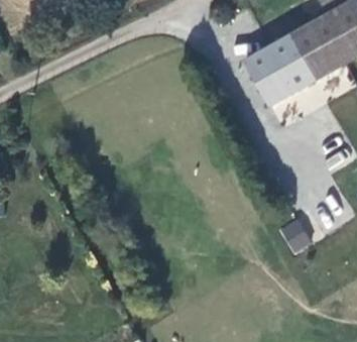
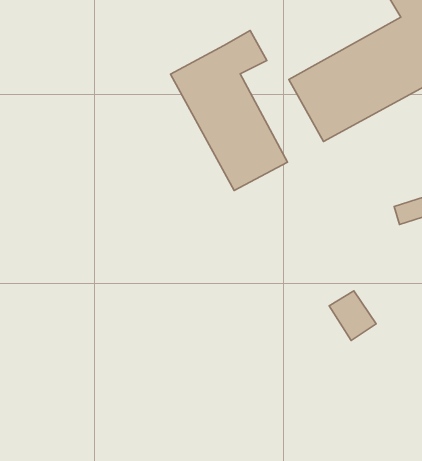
building: none -> [171,31,287,191]

